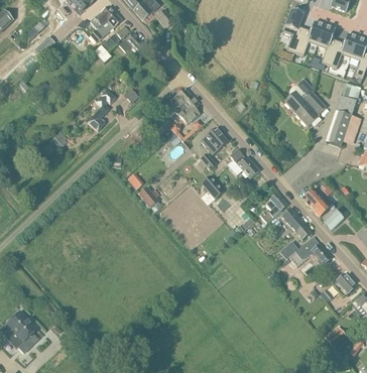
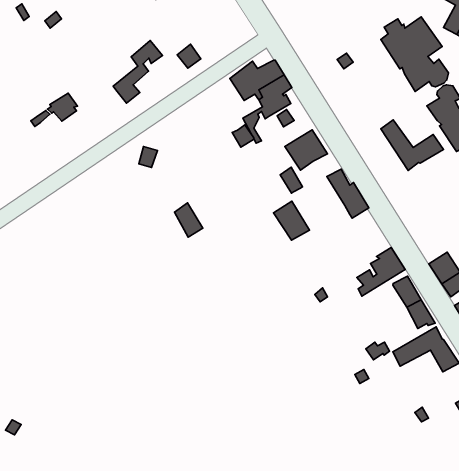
building: none -> [381,17,449,91]
building: none -> [381,120,444,171]

